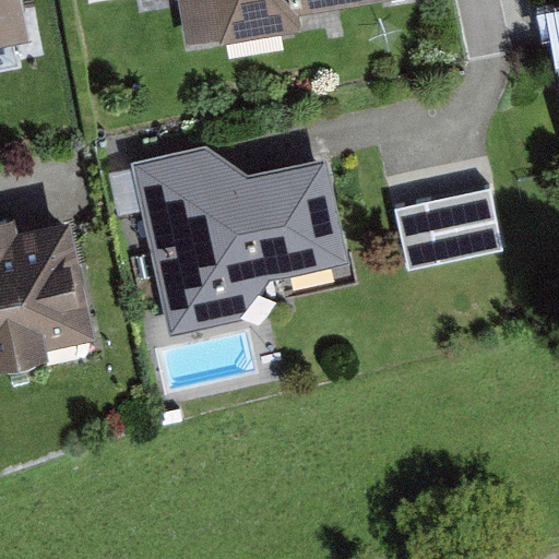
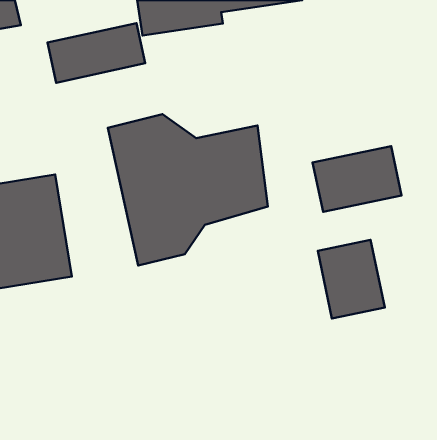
building: none -> [48,23,145,83]
building: none -> [318,240,385,319]

